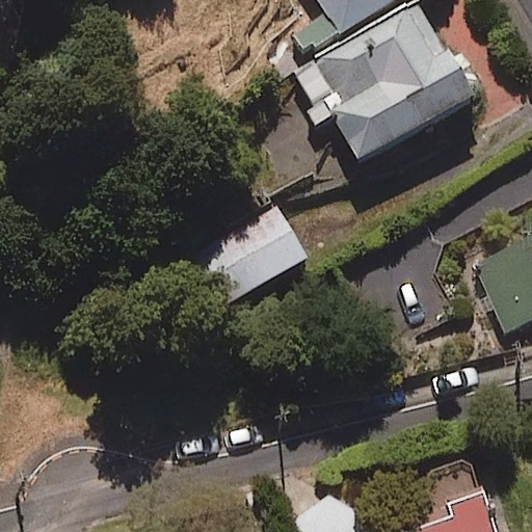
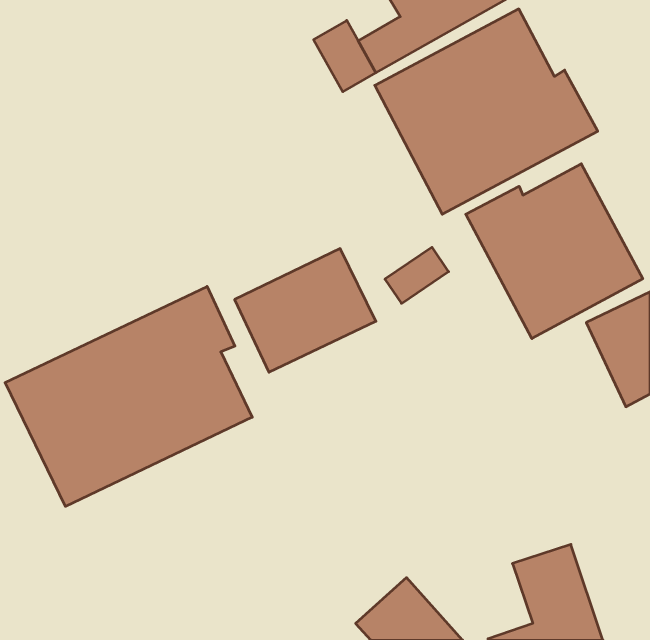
building: none -> [466,164,643,339]
building: none -> [5,286,252,506]

